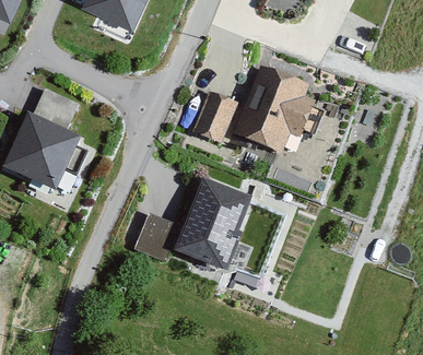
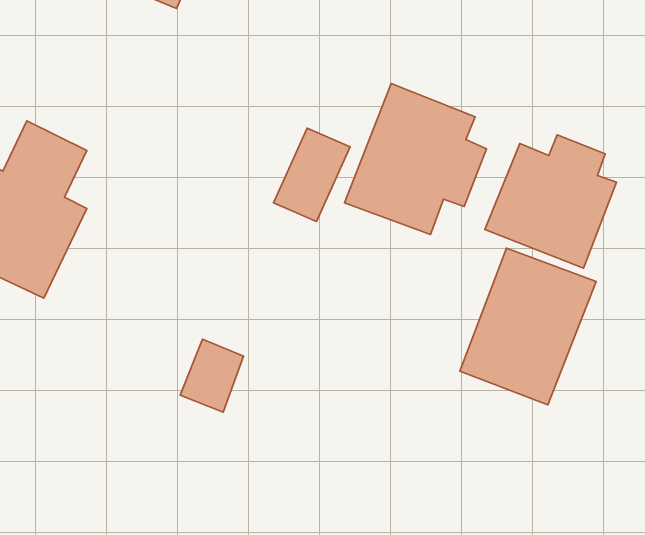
building: none -> [485,135,617,268]
building: [175,181,255,273] -> [460,248,596,405]

